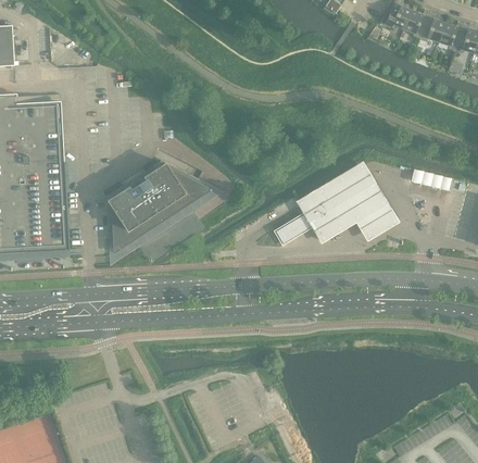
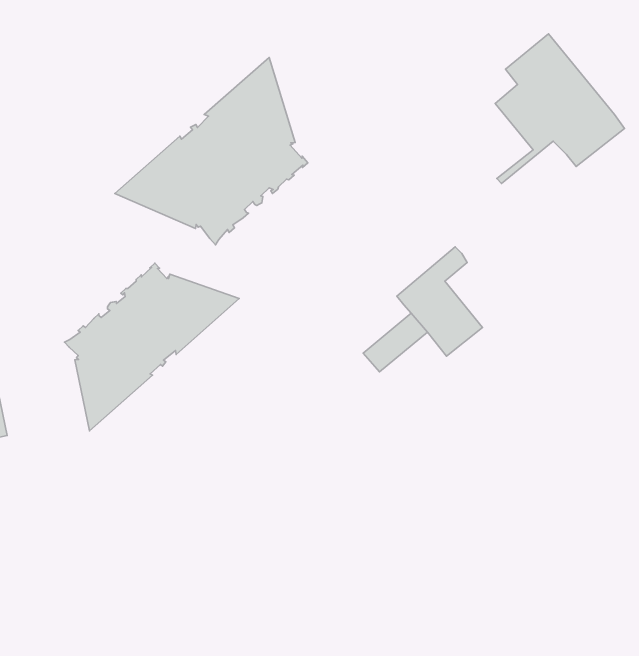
building: none -> [115,57,308,245]
building: [322,162,398,242] -> [495,34,624,183]

